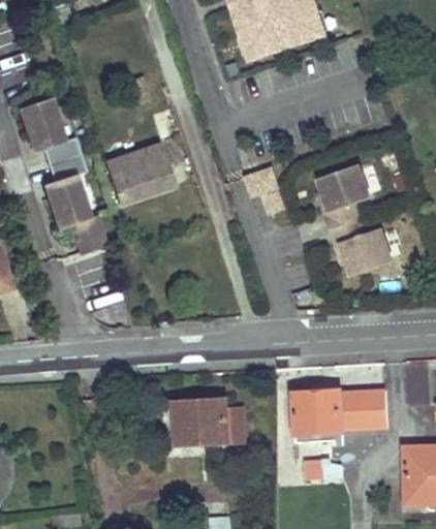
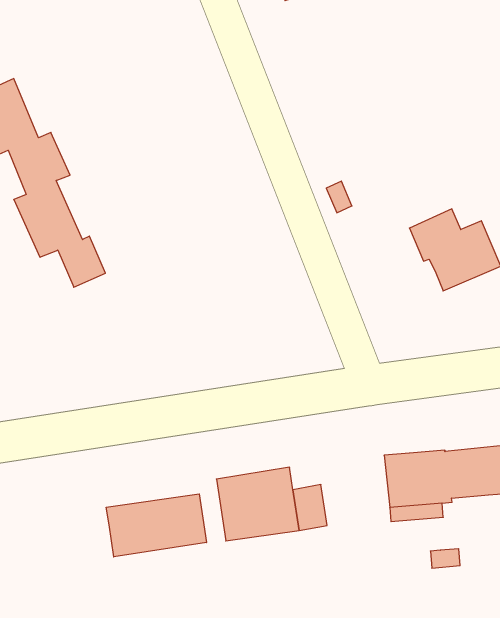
building: [104,144,175,203] -> none
building: [314,163,369,228] -> none
building: none -> [106,494,206,557]

